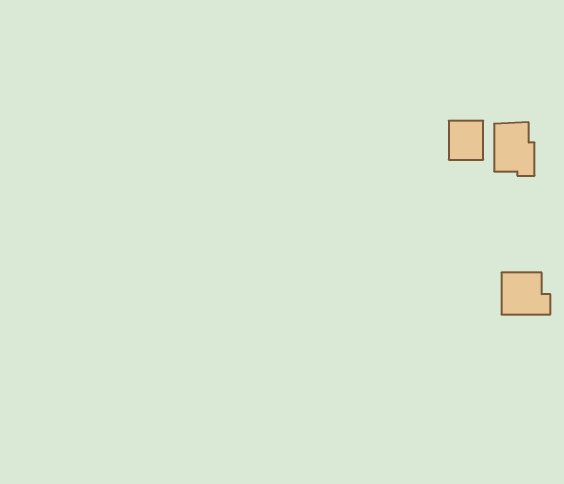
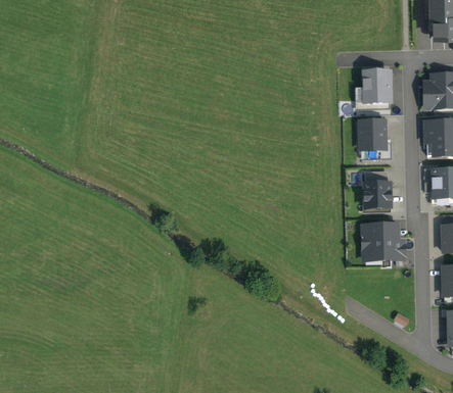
building: [449,121,483,160] -> [363,72,388,100]
building: none -> [364,184,389,208]

